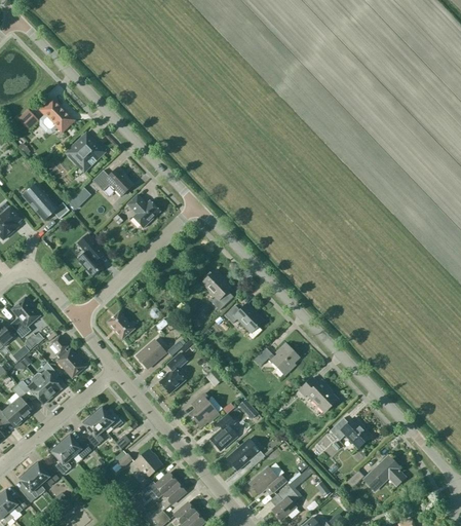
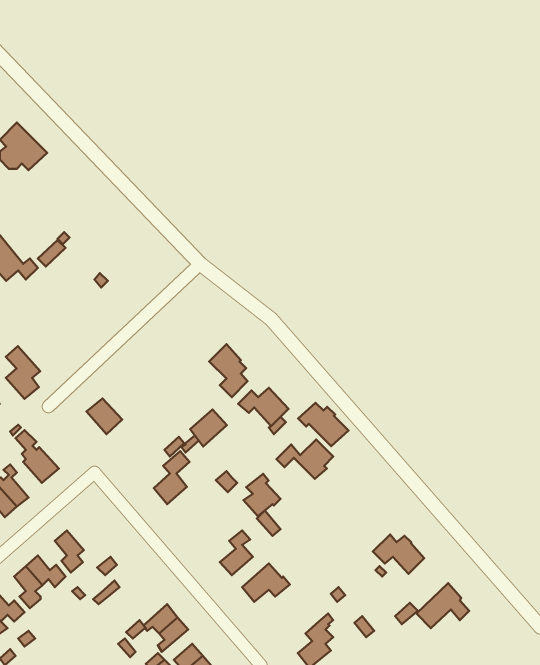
building: [67,140,104,171] -> none
building: [92,166,133,196] -> none
building: [126,194,160,228] -> none
building: [78,234,105,275] -> [6,346,40,399]
building: [137,340,165,369] -> [190,409,227,446]
building: [299,377,338,411] -> [298,403,348,446]
building: [189,393,218,426] -> [243,474,280,516]
building: [91,406,123,429] -> none
building: [135,450,161,476] -> none
building: [249,469,286,494] -> none

